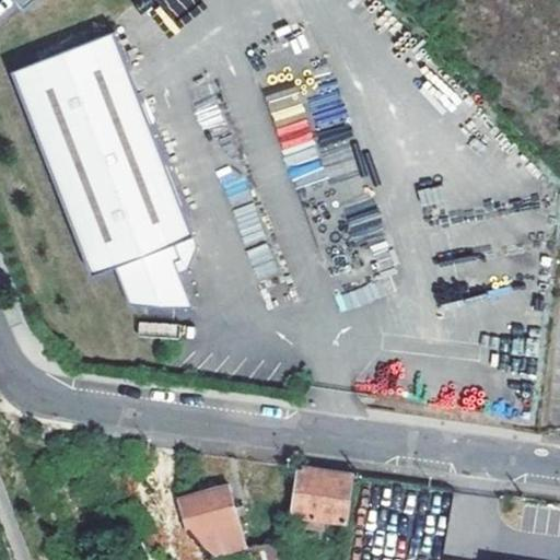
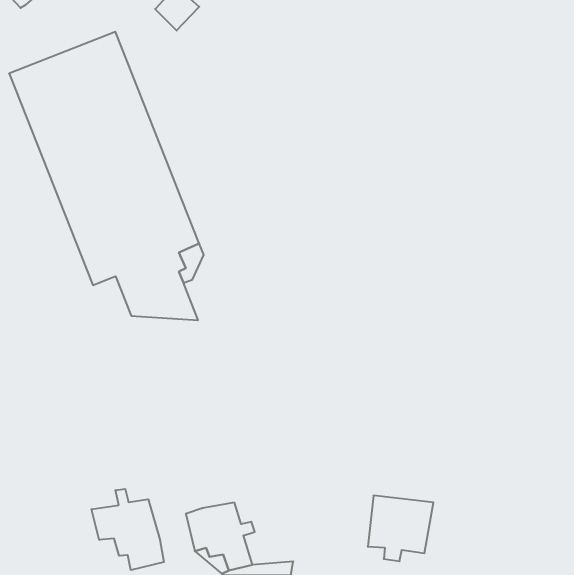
building: [287,465,350,528] -> [368,496,433,561]
building: none -> [92,489,164,570]

